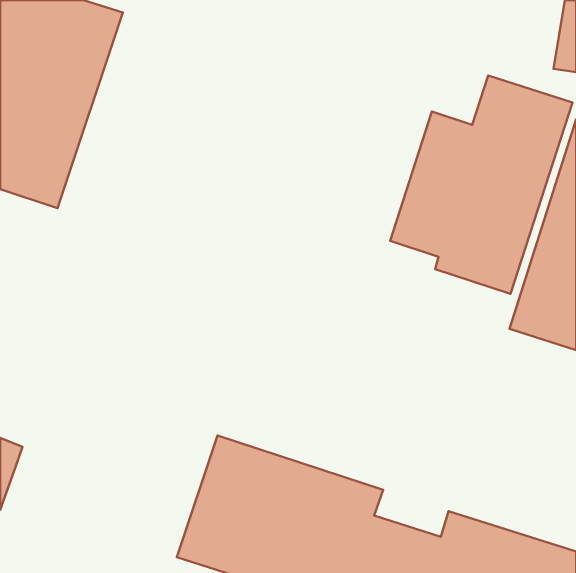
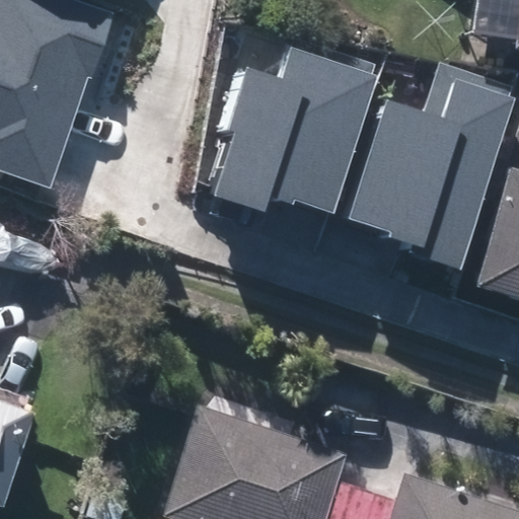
building: none -> [216,50,379,214]

